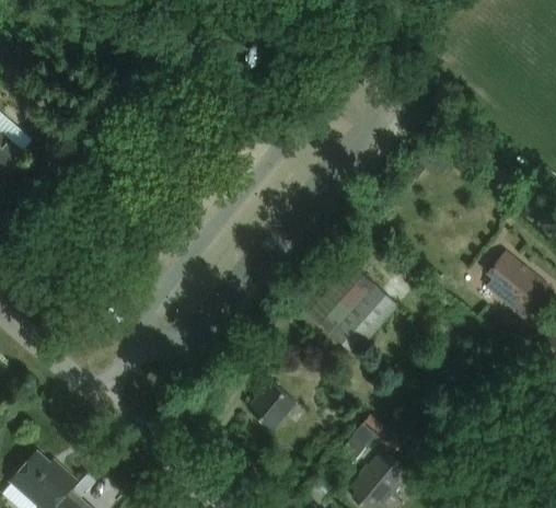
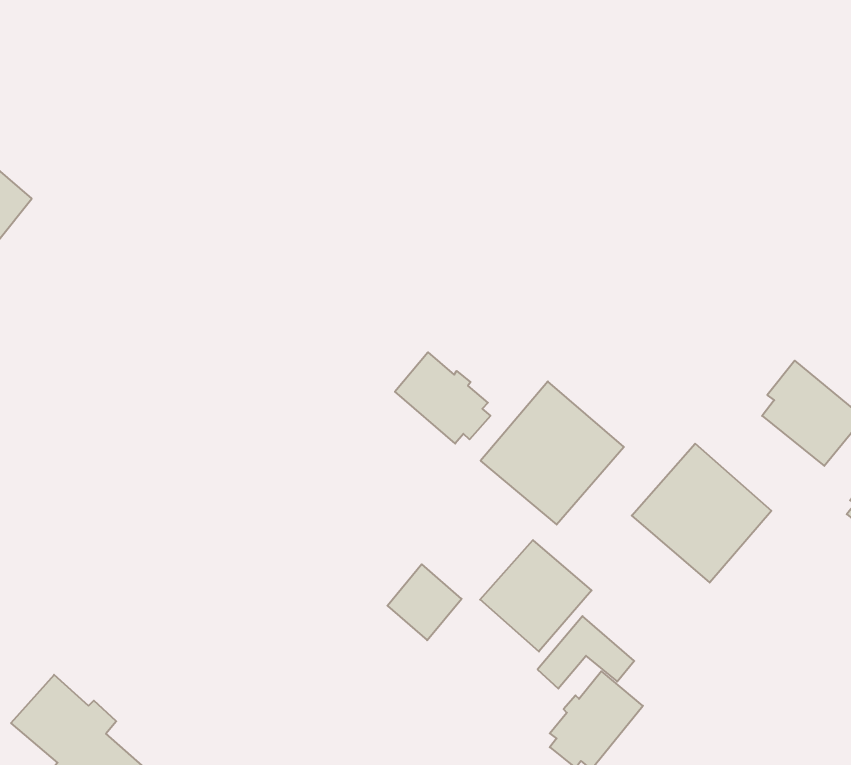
building: none -> [395,352,490,444]
building: none -> [632,444,771,583]
building: none -> [480,540,592,652]

